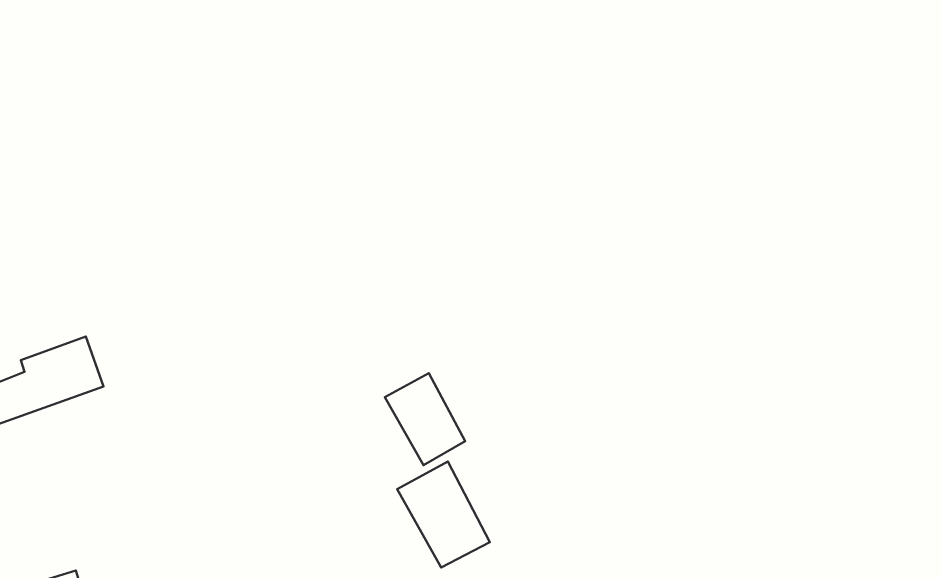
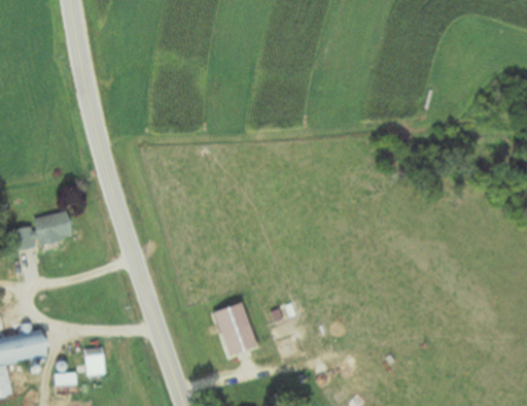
building: [385,373,465,465] -> none

